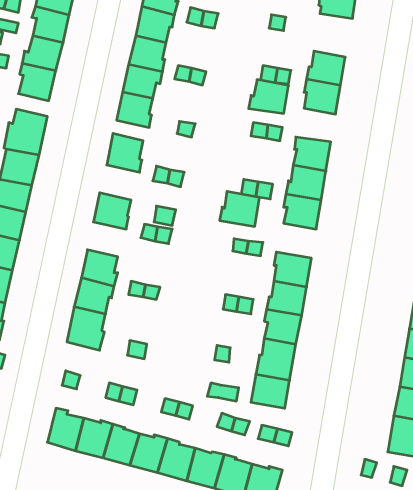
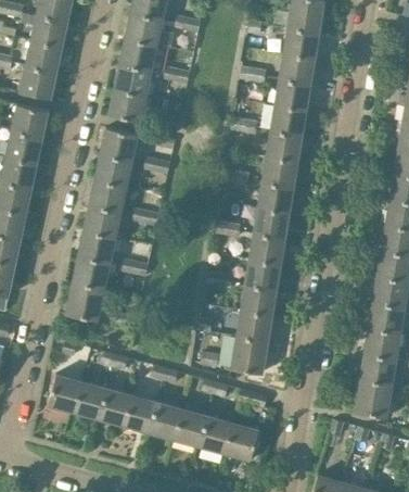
building: none -> [287,20,322,59]
building: [249,80,289,113] -> [271,104,307,135]
building: none -> [95,155,131,187]
building: [220,191,260,226] -> [254,207,290,239]
building: none -> [85,206,119,238]

